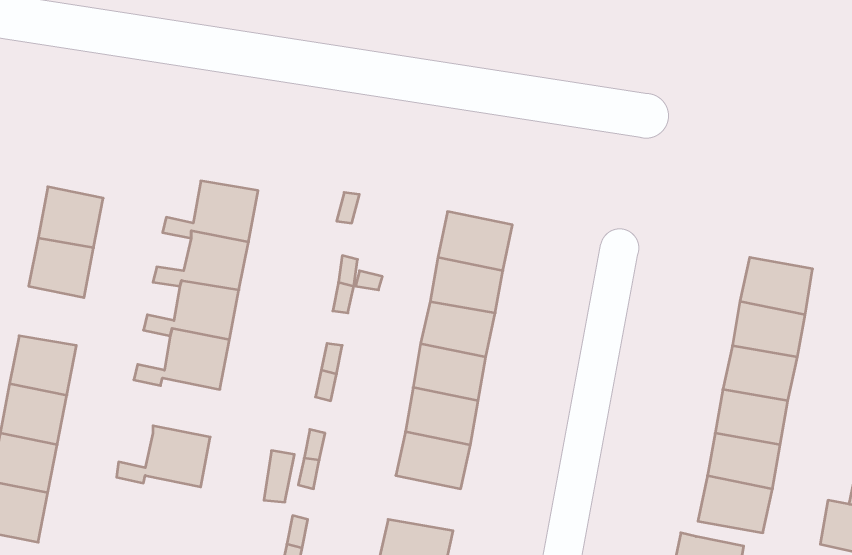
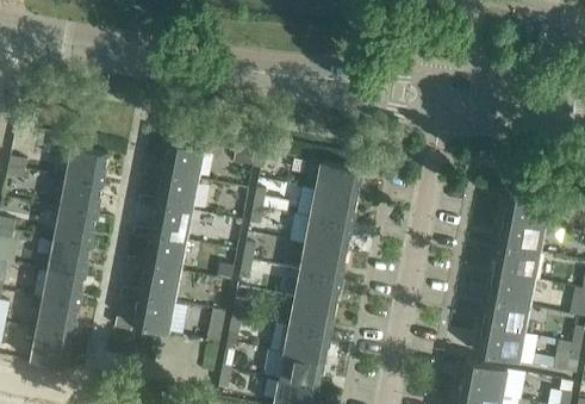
building: none -> [54,207,94,244]
building: none -> [119,265,179,302]
building: none -> [284,325,329,360]

